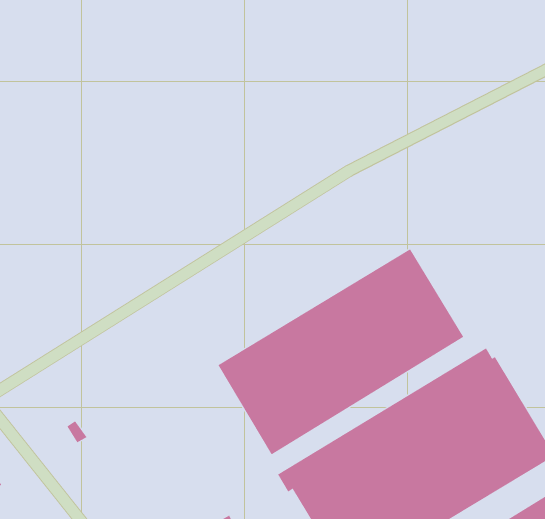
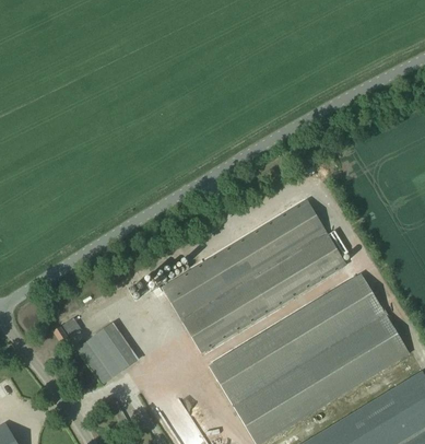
building: none -> [80,326,131,378]

